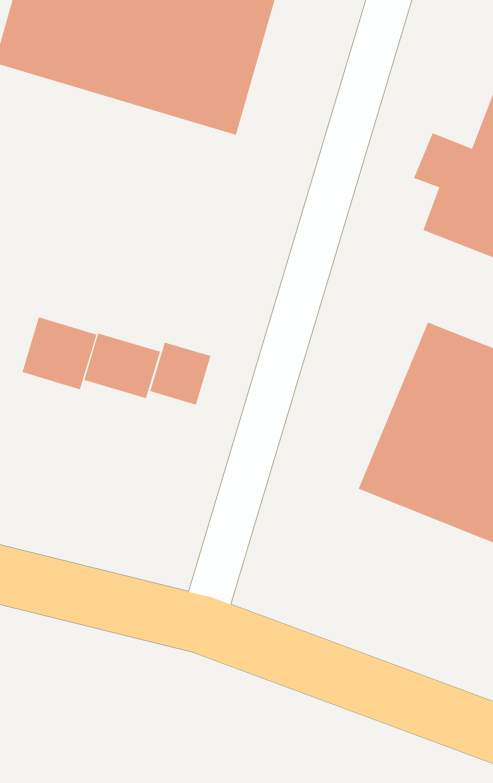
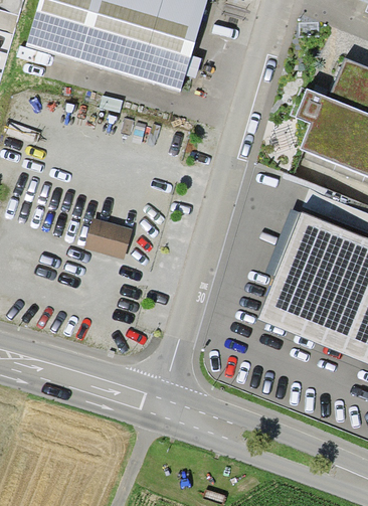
building: [22,317,97,390] -> none
building: [150,342,211,405] -> none

